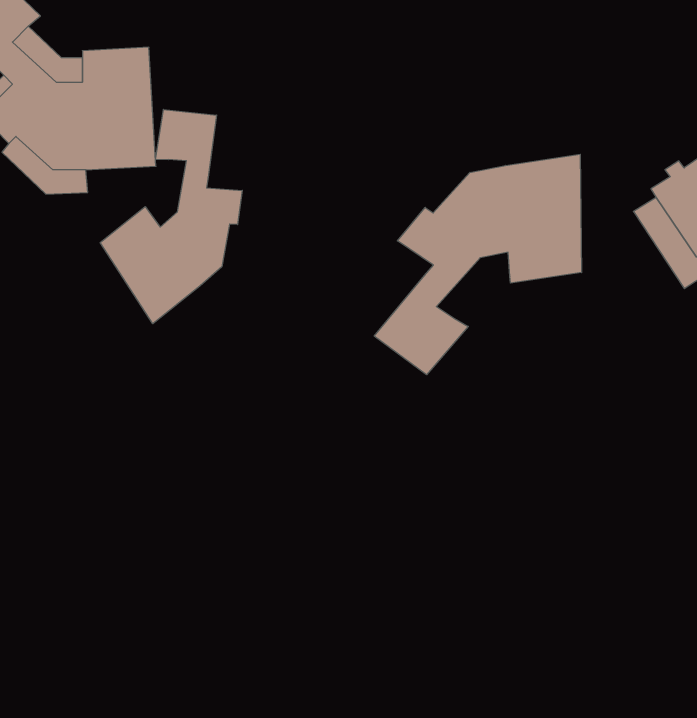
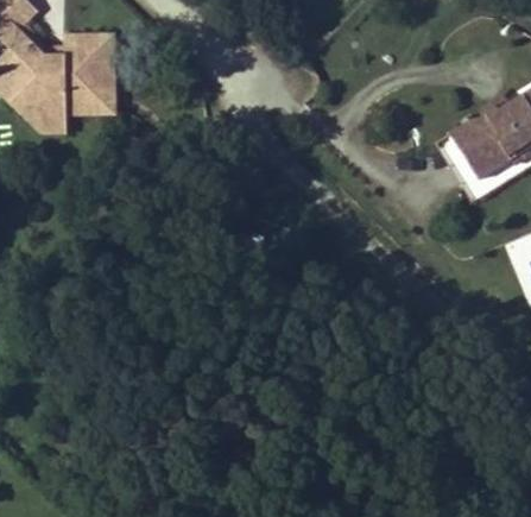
building: [100,109,242,324] -> none
building: [374,154,582,375] -> none

